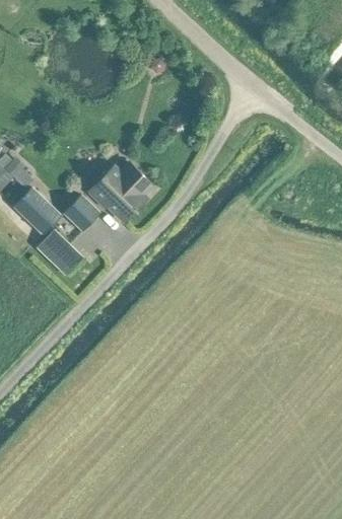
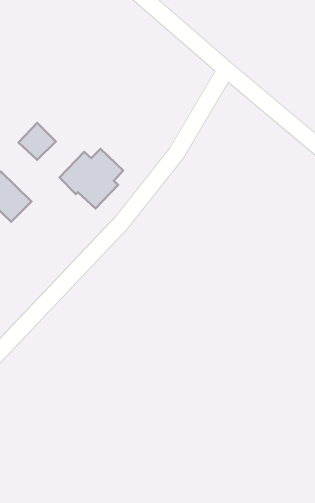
building: [63,195,99,231] -> [19,123,56,160]
building: [37,230,83,277] -> none

